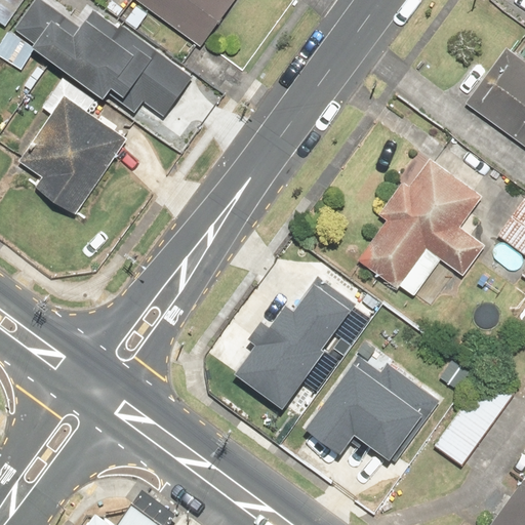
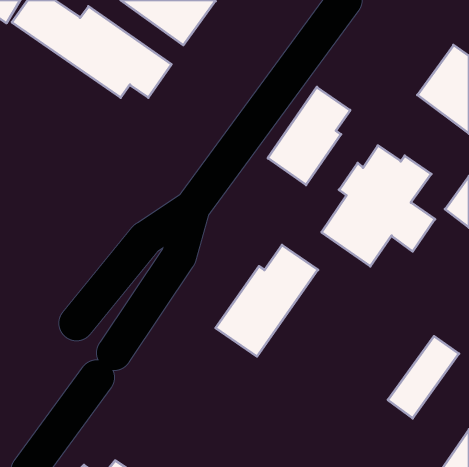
building: [21,90,134,212] -> none
building: none -> [268,87,350,185]
building: [307,351,438,455] -> none

